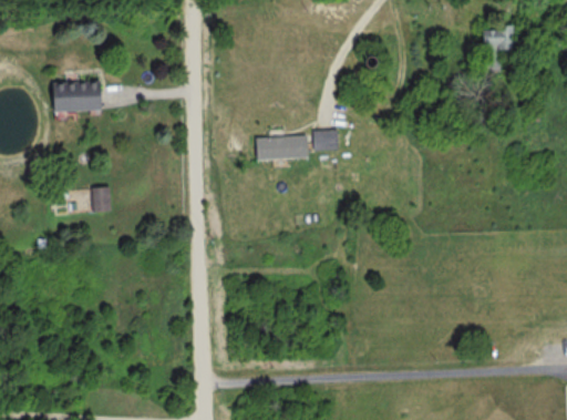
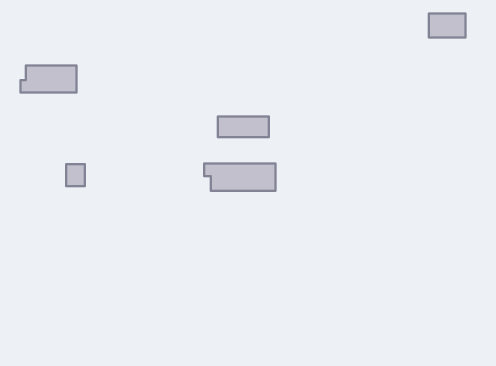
building: [313,132,339,150] -> none
building: none -> [204,164,275,191]

